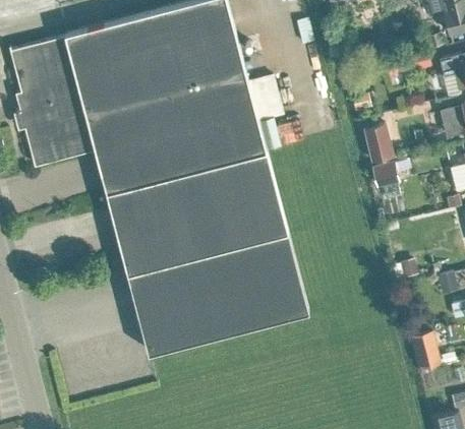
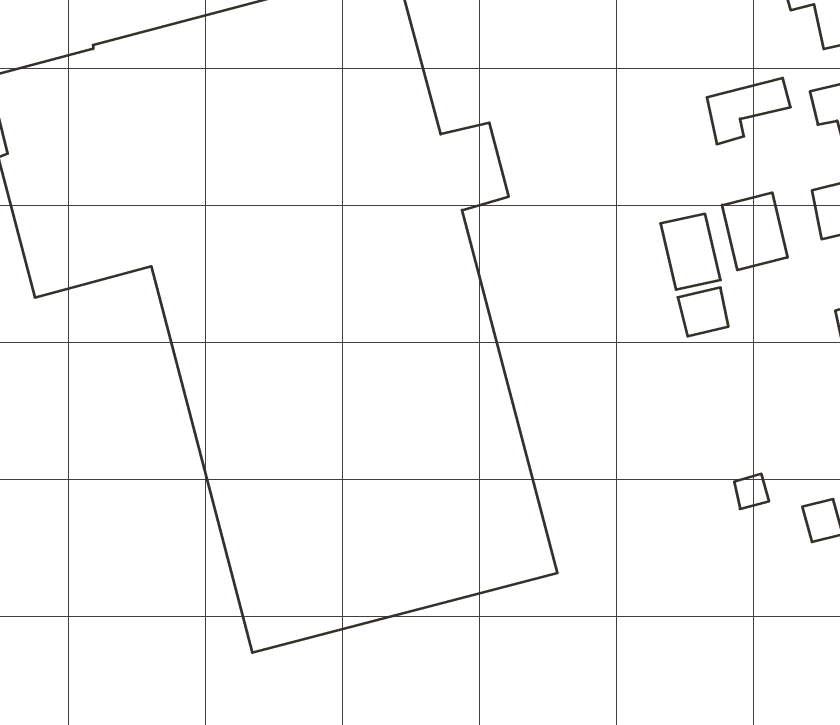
building: none -> [722,193,787,270]
building: [410,330,441,369] -> none

